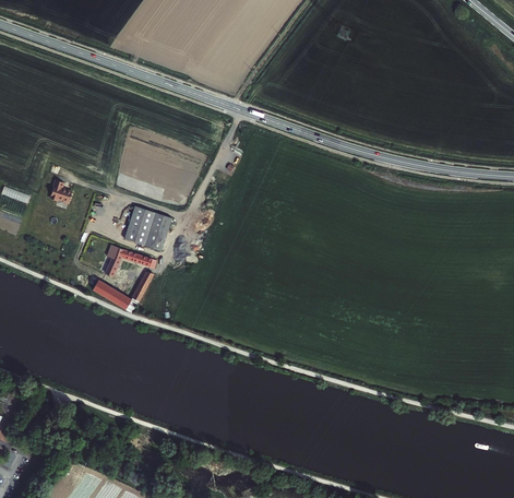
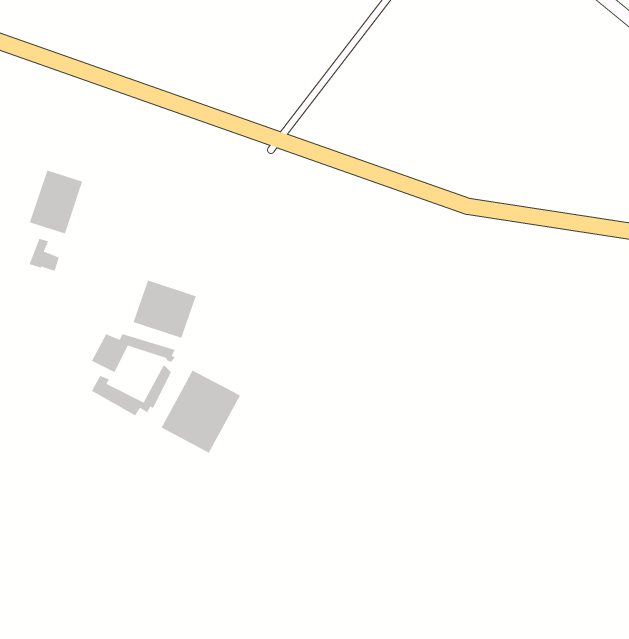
building: none -> [29,169,83,234]
building: none -> [160,369,241,454]

